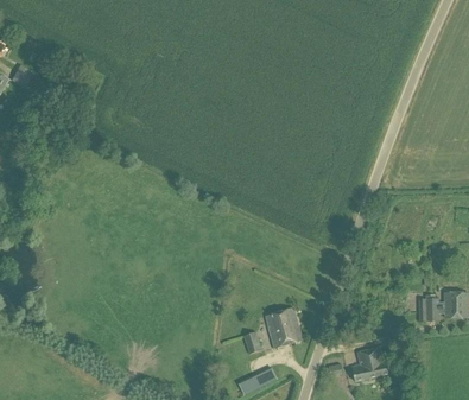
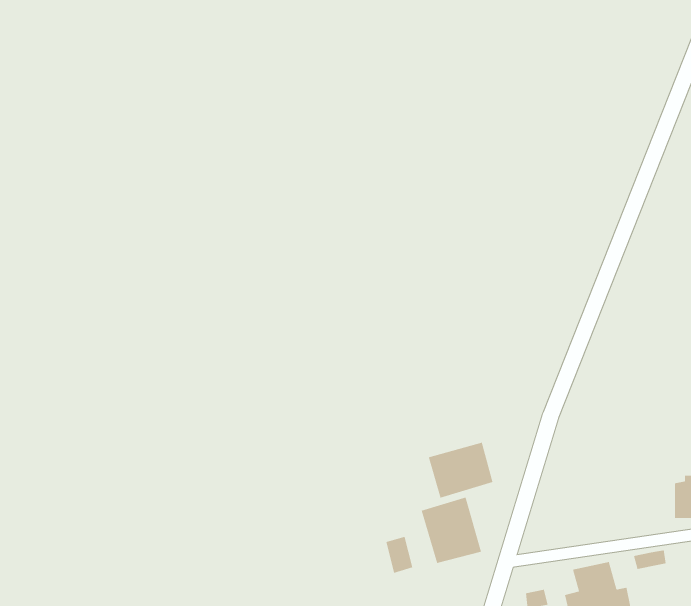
building: none -> [428,442,493,499]

